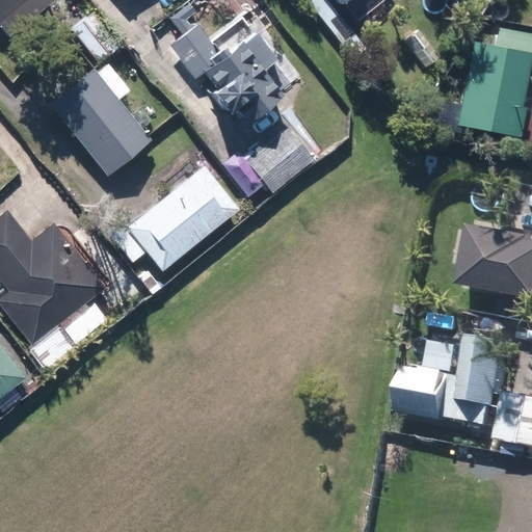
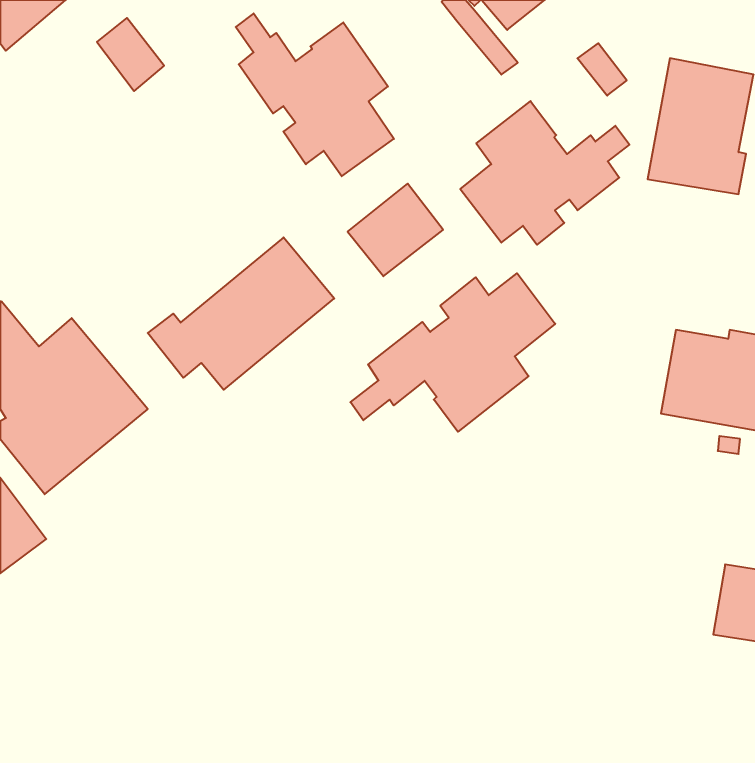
building: [48,63,150,175] -> none
building: none -> [460,101,629,245]
building: none -> [350,273,555,432]
building: [402,337,511,426] -> none

